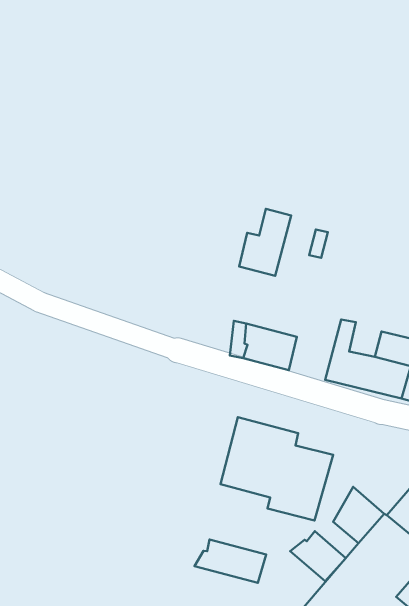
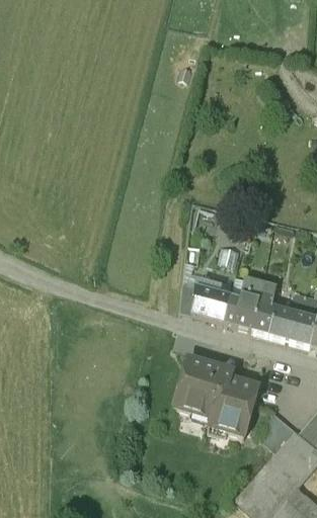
building: [239,209,291,276] -> [226,277,265,328]
building: [290,531,346,581] -> none
building: [194,539,266,583] -> none

